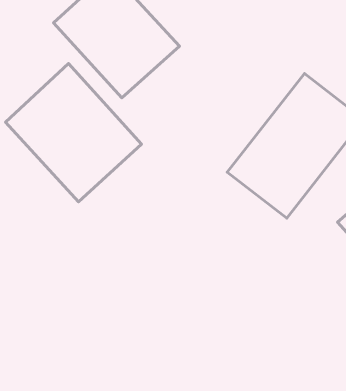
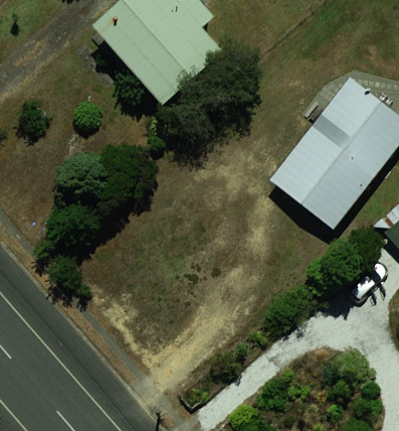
building: [6,64,142,202] -> none

